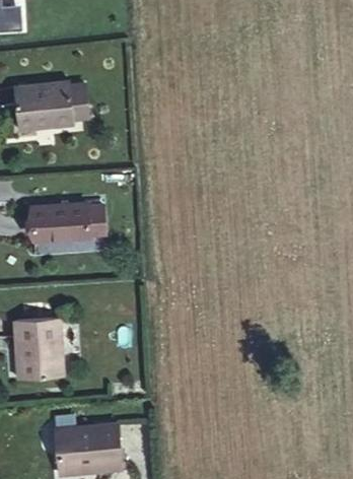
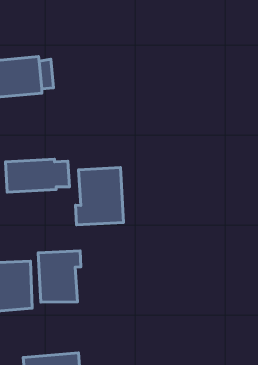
building: none -> [76,167,124,225]
building: none -> [38,251,81,302]

